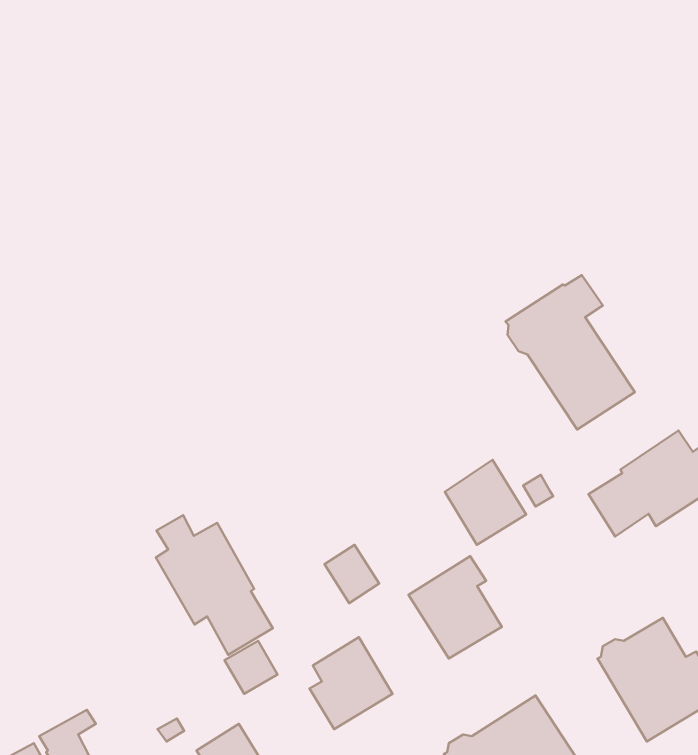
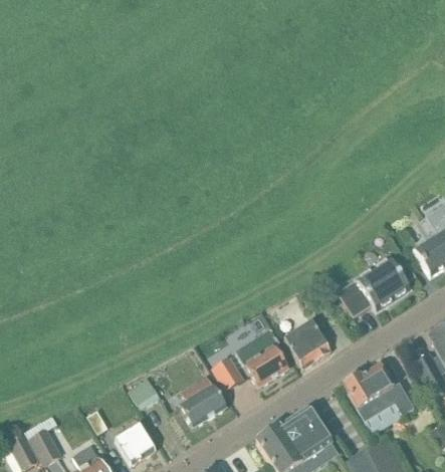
building: [505,275,635,430] -> none
building: [445,460,526,545] -> [284,320,330,369]
building: [156,515,273,655] -> none
building: [324,545,379,603] -> [212,357,243,390]

